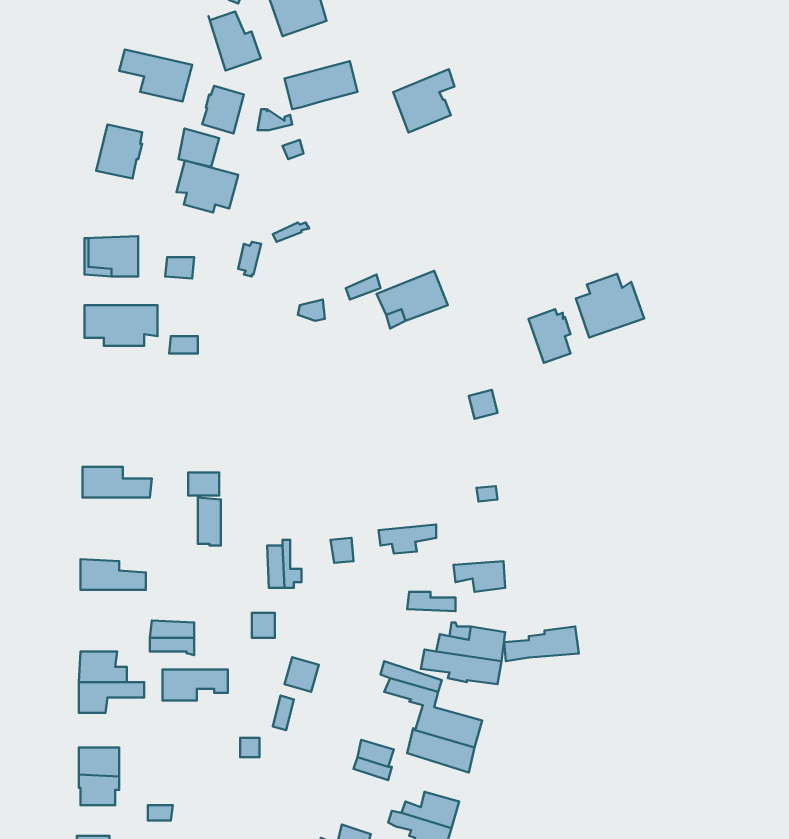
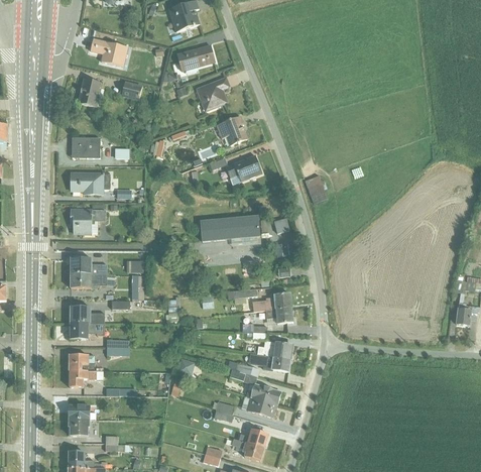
building: [209,11,261,71] -> none
building: [393,69,455,133] -> [196,77,228,110]
building: [202,86,244,134] -> none
building: [177,161,238,213] -> none
building: none -> [216,115,246,145]
building: [576,274,644,338] -> none
building: none -> [71,209,105,233]
building: none -> [200,215,260,240]
building: none -> [71,273,114,287]
building: [504,627,579,661] -> [252,292,291,311]
building: [162,670,228,700] -> [70,322,104,338]

